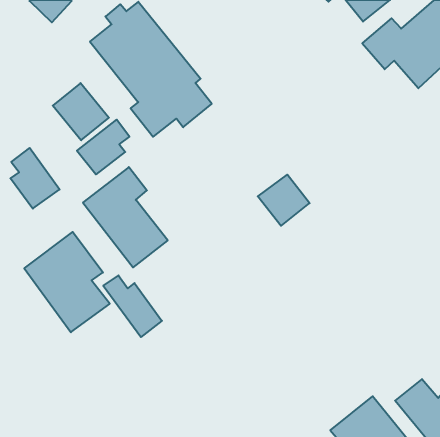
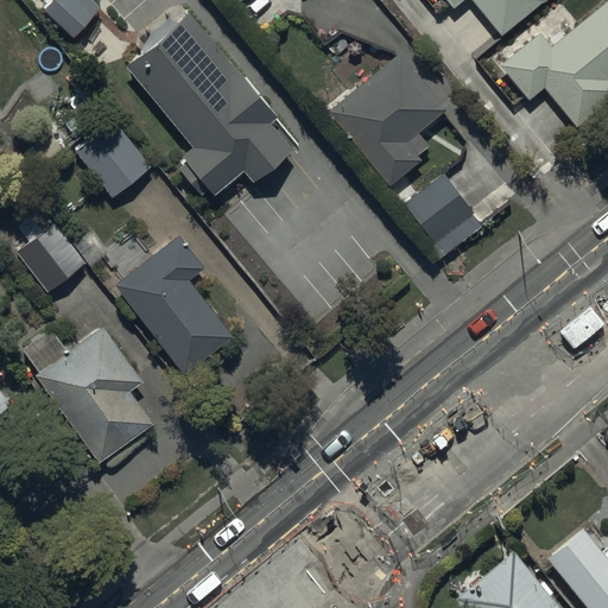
building: none -> [328,52,446,188]
building: [77,120,129,174] -> none
building: [258,175,310,226] -> [404,175,475,245]
building: [103,275,162,337] -> none

